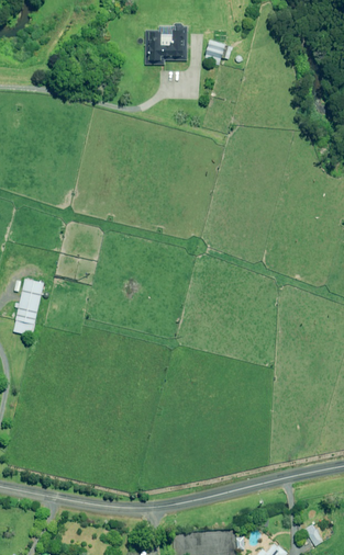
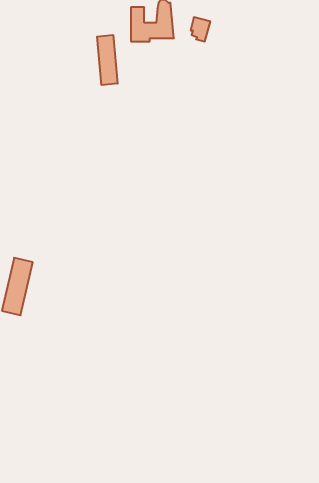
building: none -> [97,35,118,85]

